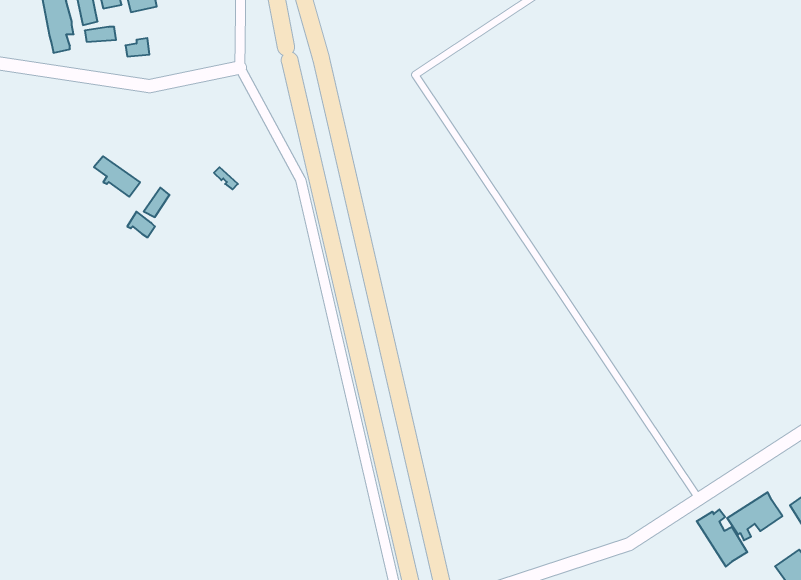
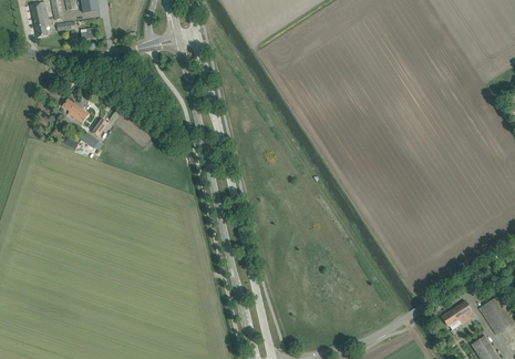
building: [697,509,747,567] -> none

